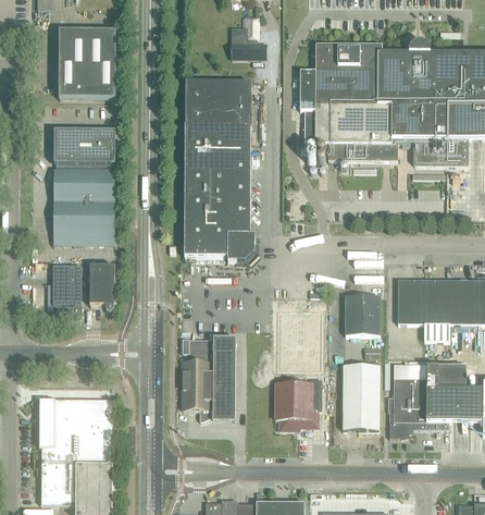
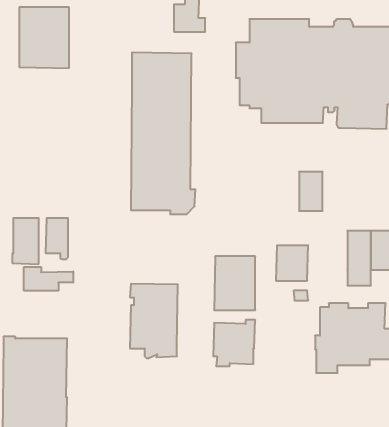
building: [53,130,115,244] -> none
building: [398,279,424,322] -> [299,172,323,211]
building: none -> [24,267,73,291]
building: [343,364,380,430] -> none

